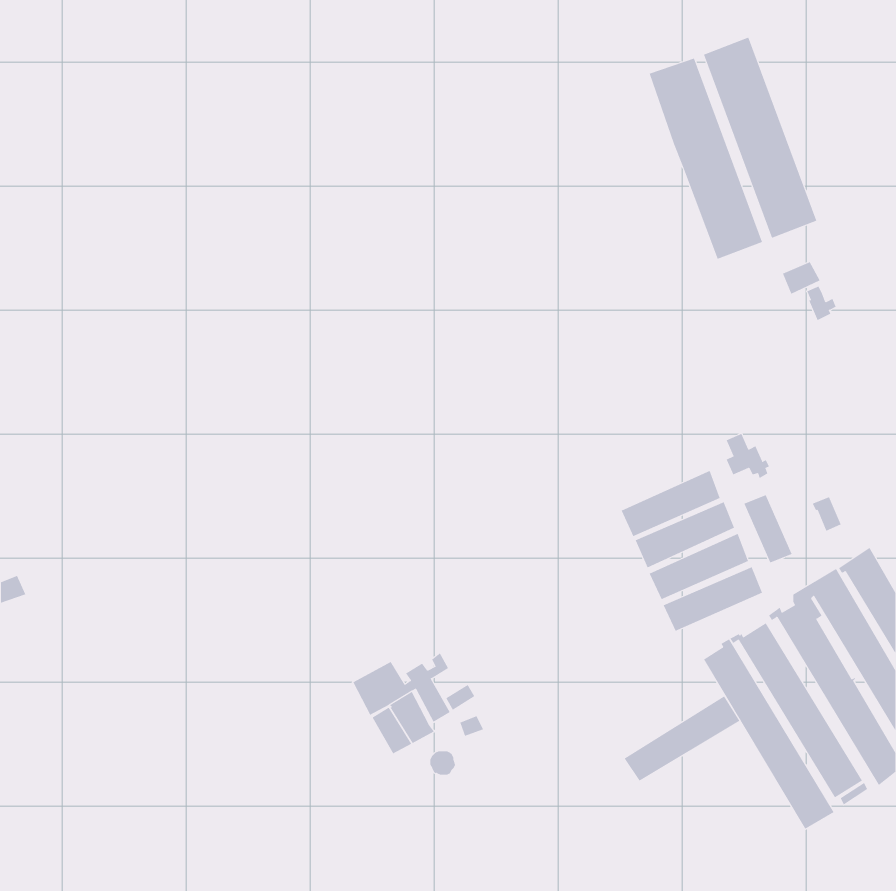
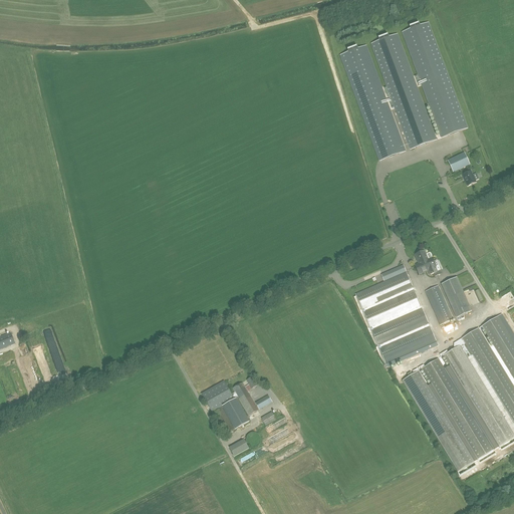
building: none -> [340,43,406,159]
building: none -> [443,275,472,315]
building: [624,695,740,781] -> none

